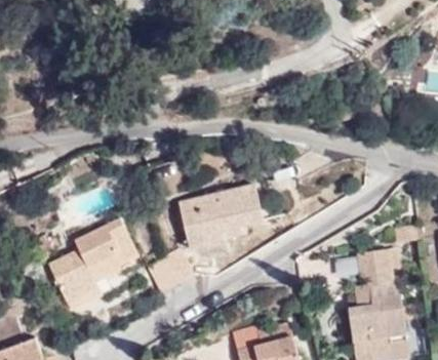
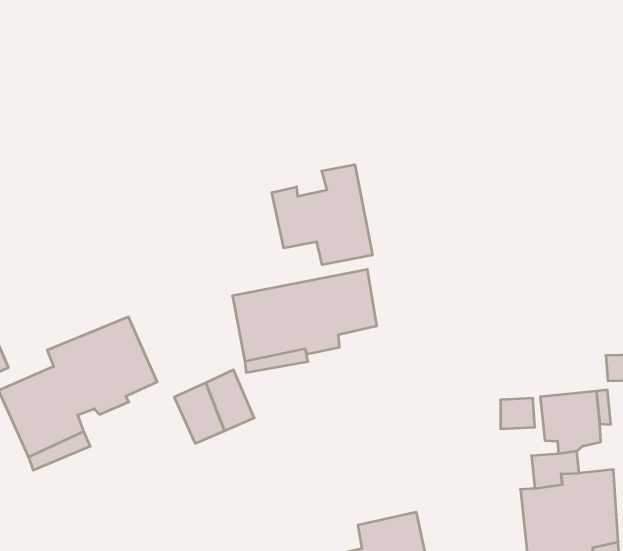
building: none -> [272,165,372,265]

